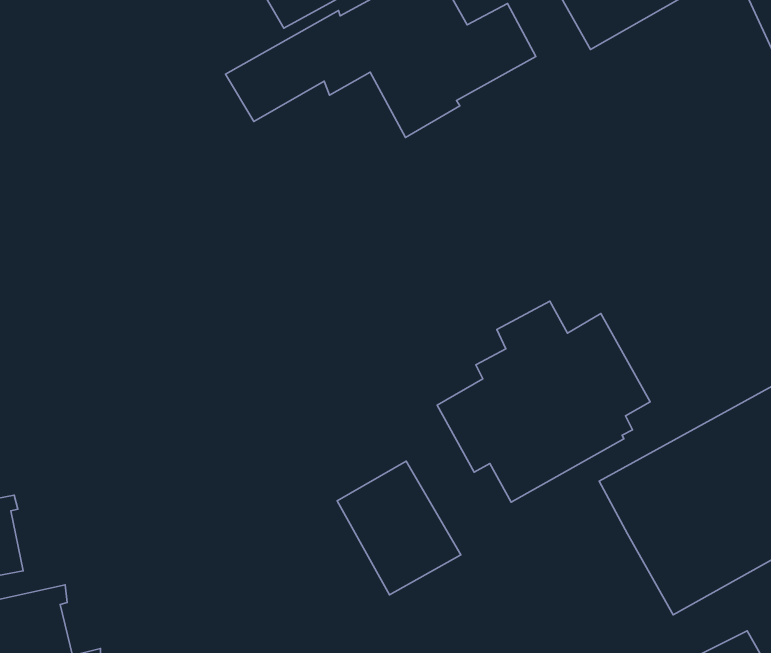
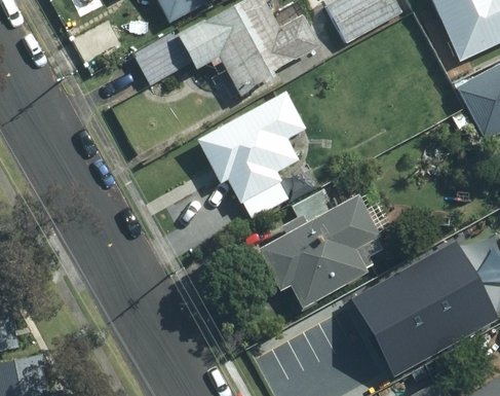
building: none -> [197,92,303,221]
building: [337,461,461,595] -> none

